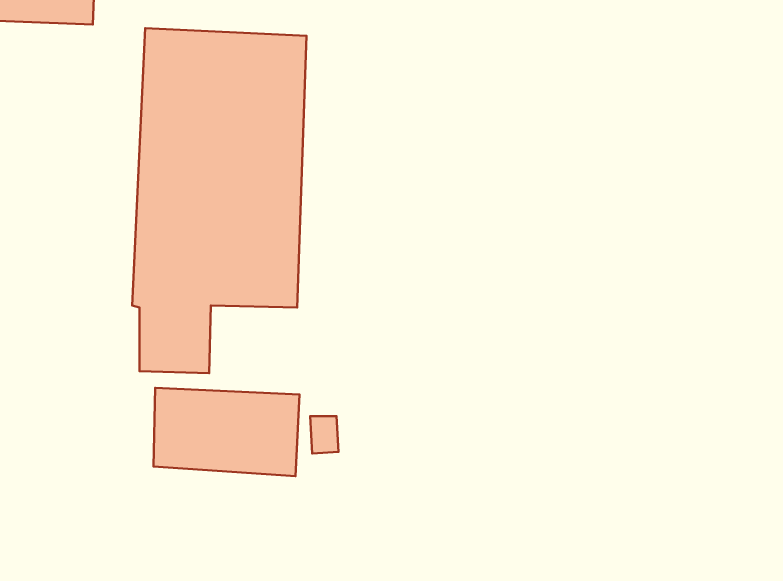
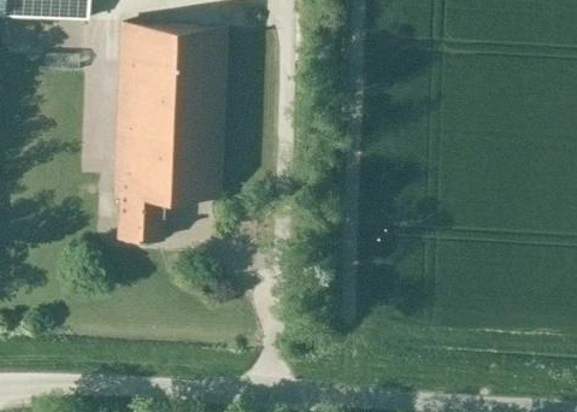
building: [154,388,299,476] -> none

